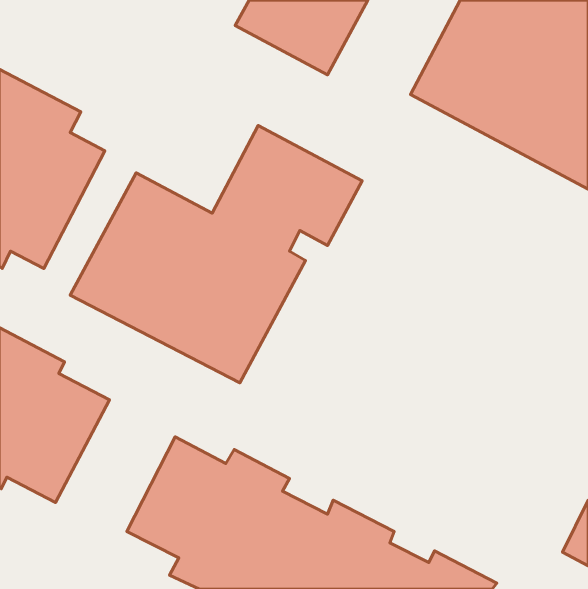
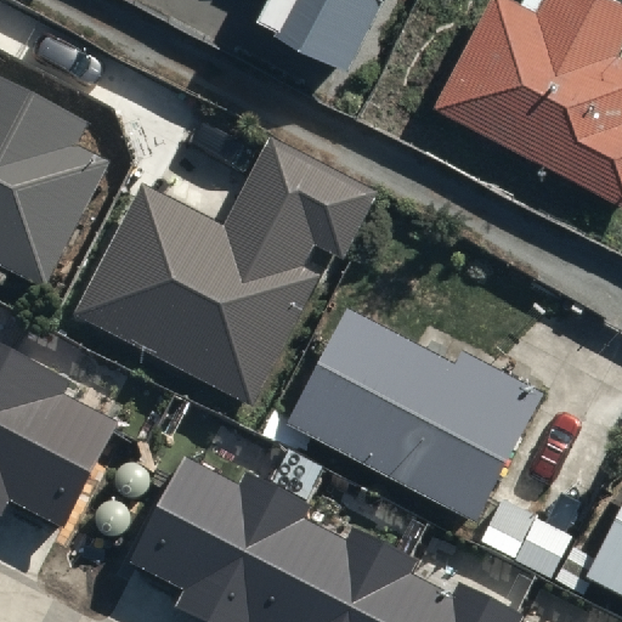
building: none -> [283,313,544,526]

